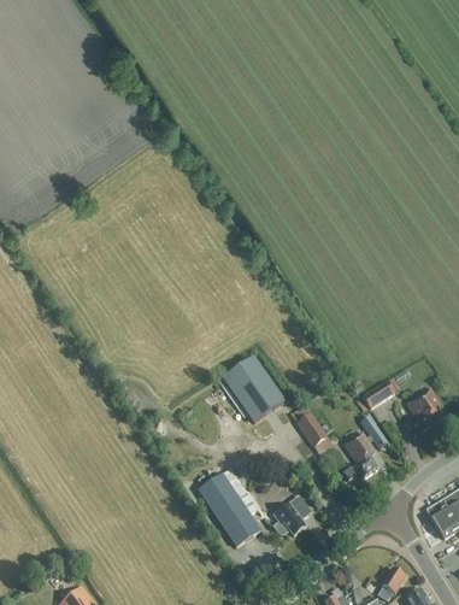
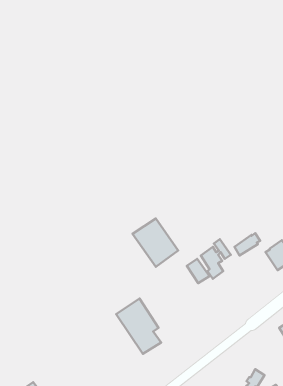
building: [345,419,387,475] -> [201,239,231,279]
building: [271,484,305,534] -> none

